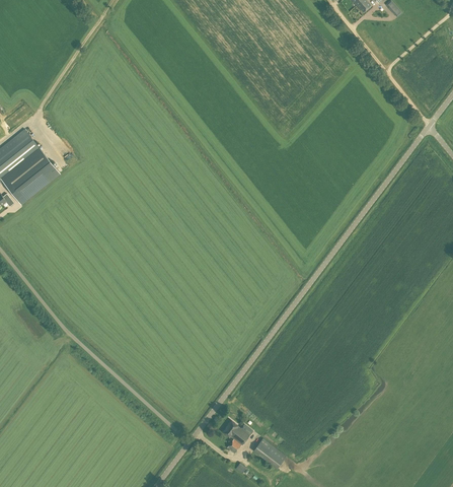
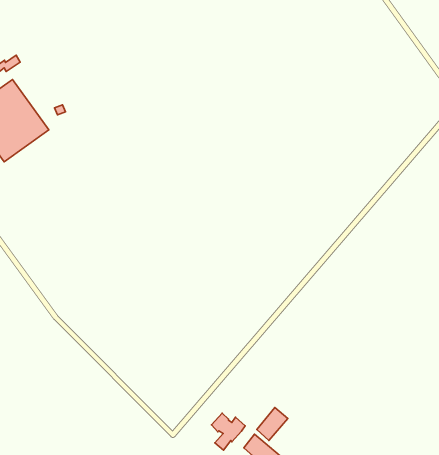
building: none -> [257,408,288,441]

